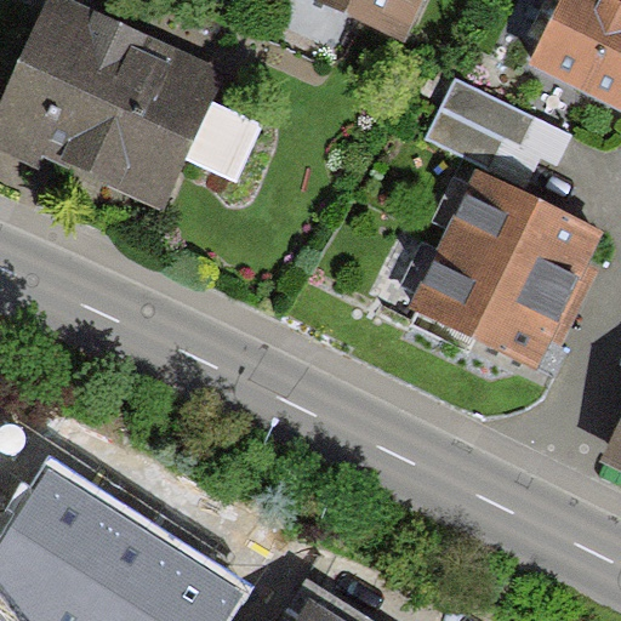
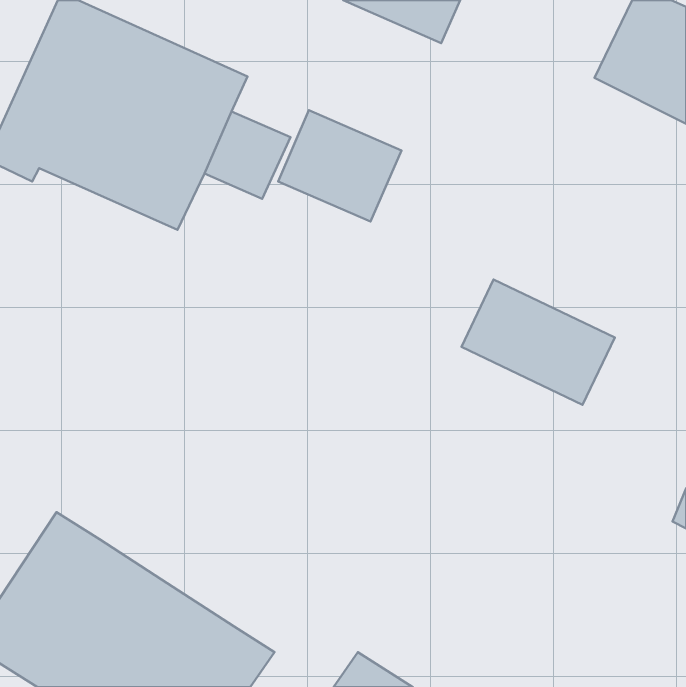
building: [427,79,565,186] -> none
building: none -> [278,110,401,222]
building: [445,186,586,304] -> none

